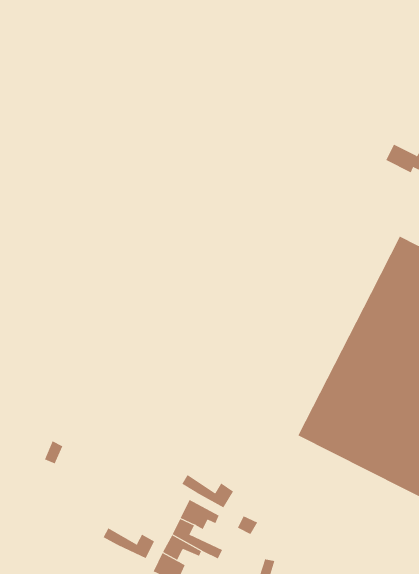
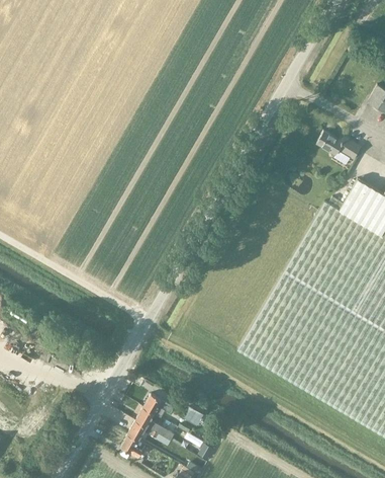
building: [181,474,234,508] -> none
building: [103,527,155,559] -> none

